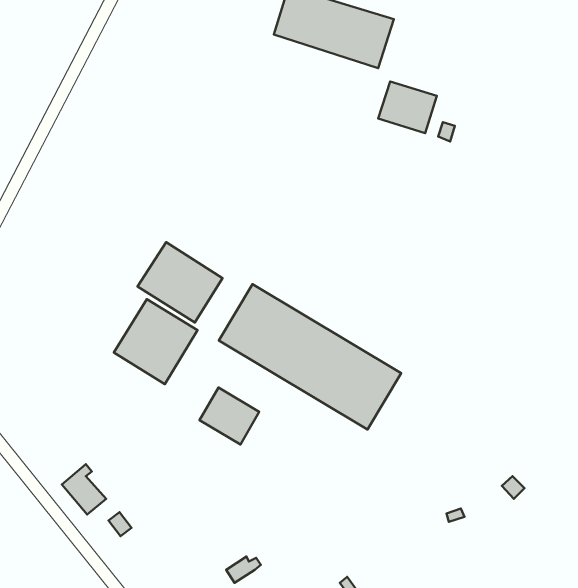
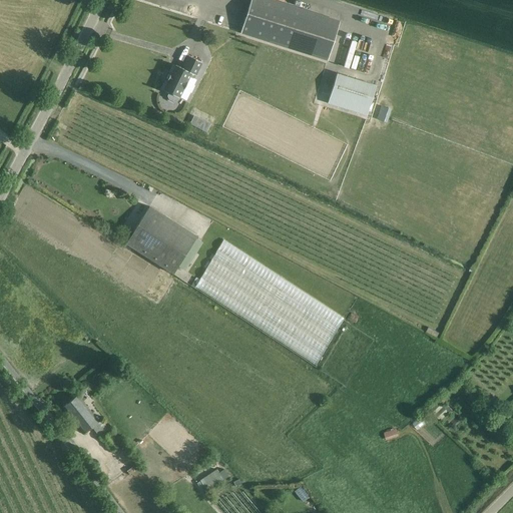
building: none -> [163,57,201,101]
building: [114,299,198,384] -> none
building: [200,388,259,445] -> none

